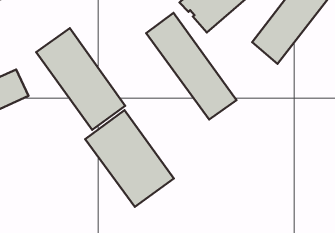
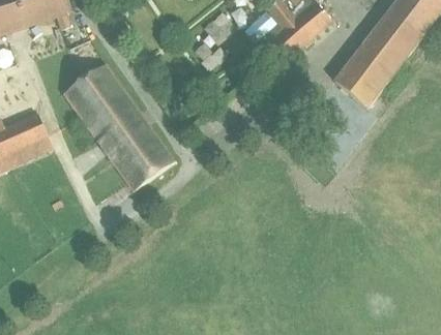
building: [146,13,236,120] -> none
building: [85,110,174,207] -> none

